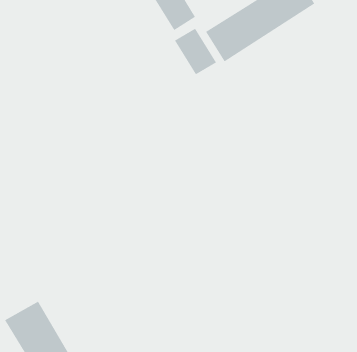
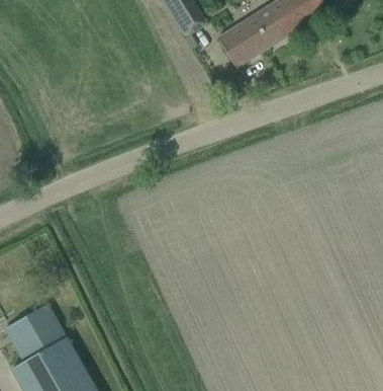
building: [174,28,217,75] -> none

